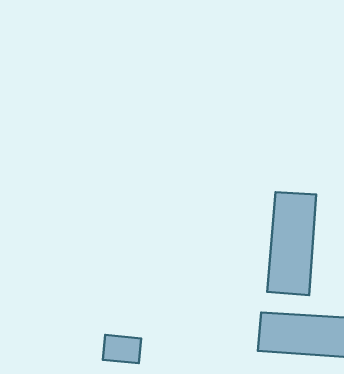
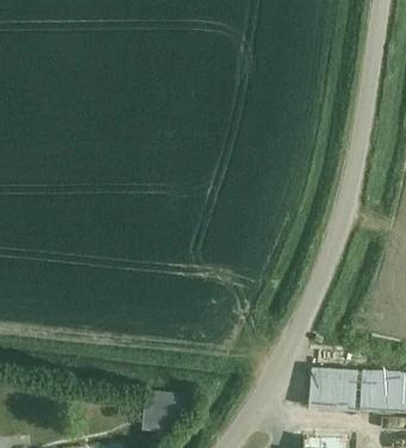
building: [267,192,316,295] -> none

